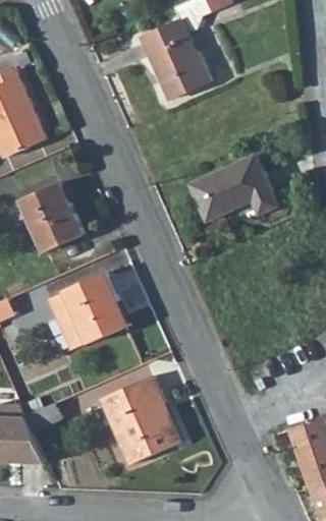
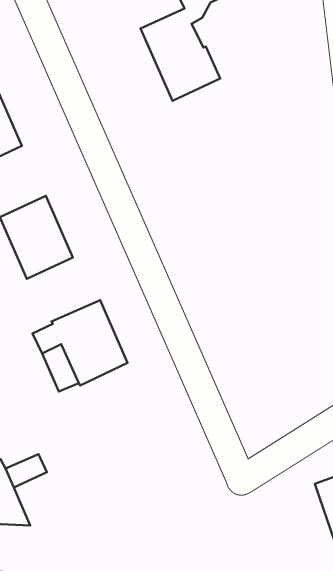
building: [188,155,276,221] -> none
building: [101,375,176,463] -> none

